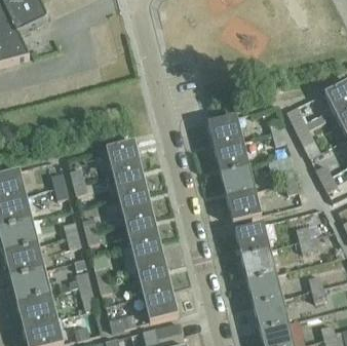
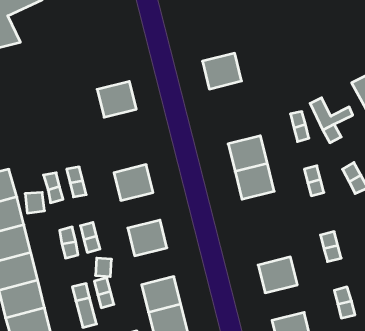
building: [207,114,242,146] -> [202,53,242,89]
building: [106,140,141,171] -> [97,81,136,117]
building: [226,188,261,221] -> none
building: [118,189,153,221] -> none
building: [234,222,269,254] -> none
building: [130,238,165,271] -> none
building: [246,271,281,303] -> none

